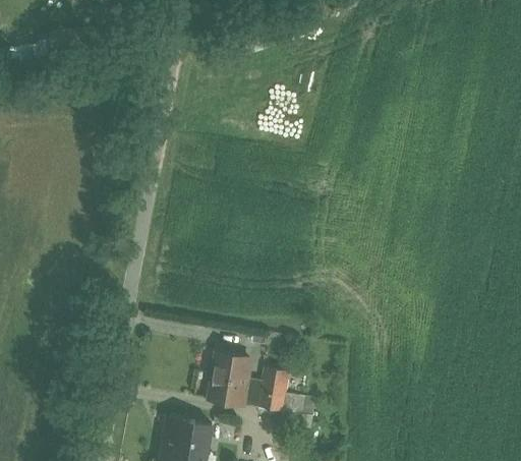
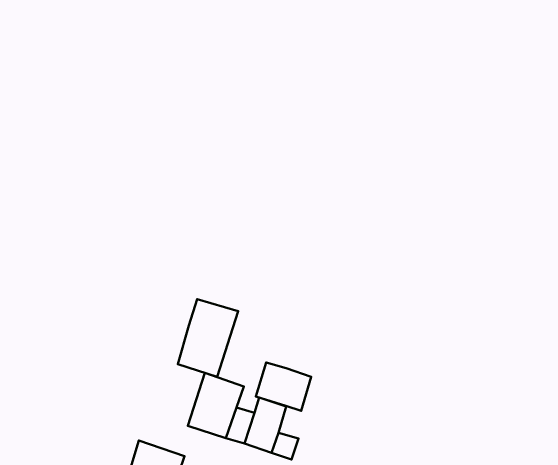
building: none -> [178,299,238,377]
building: none -> [256,362,311,411]

